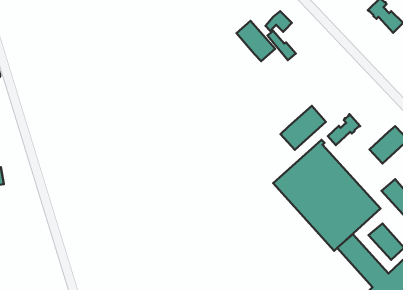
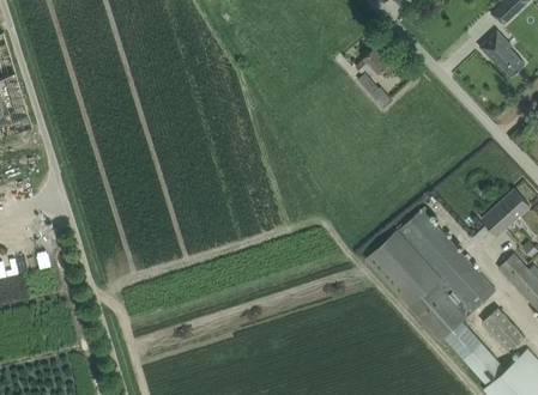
building: [236,21,275,61] -> none
building: [281,106,326,150] -> none
building: [328,114,360,145] -> none

